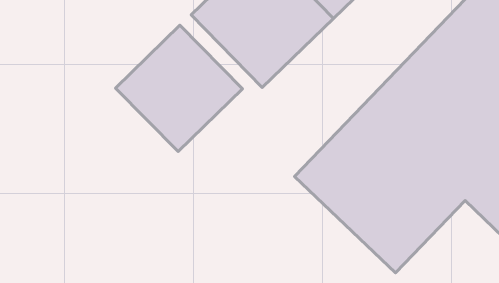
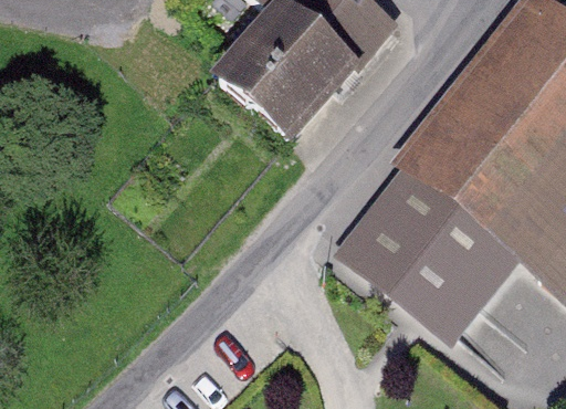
building: [116,25,243,152] -> none

